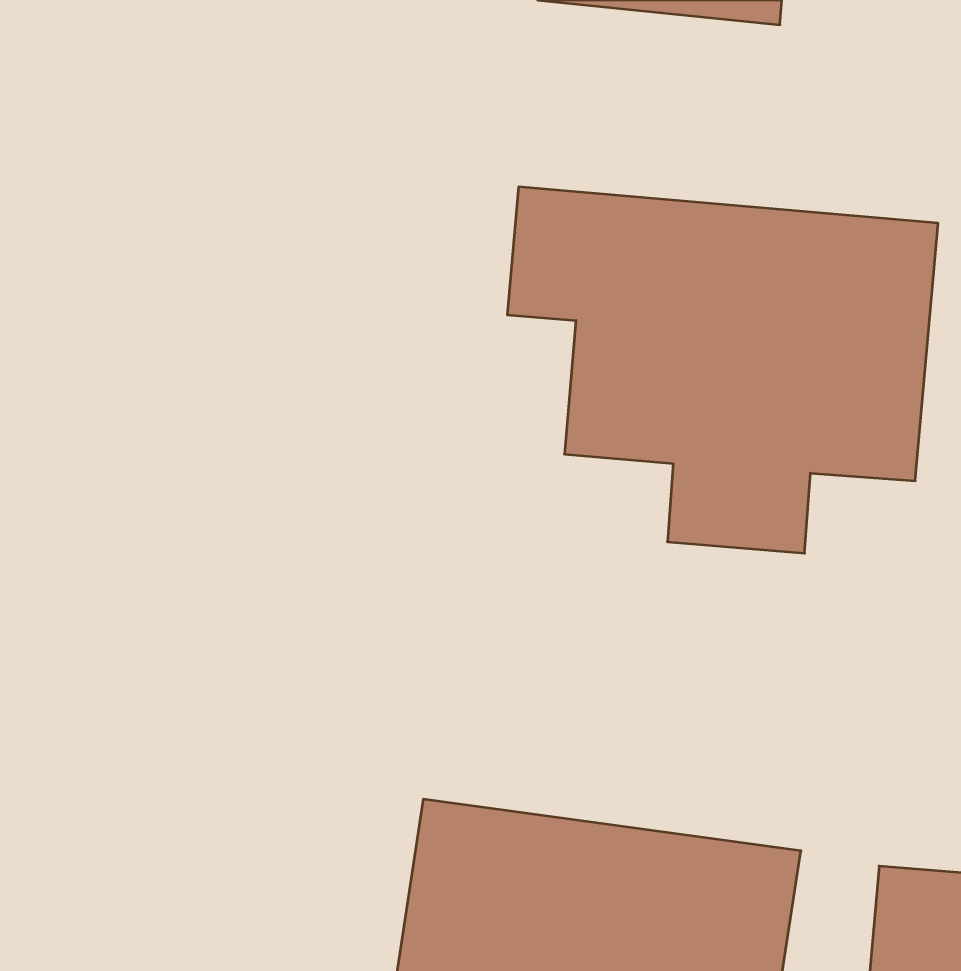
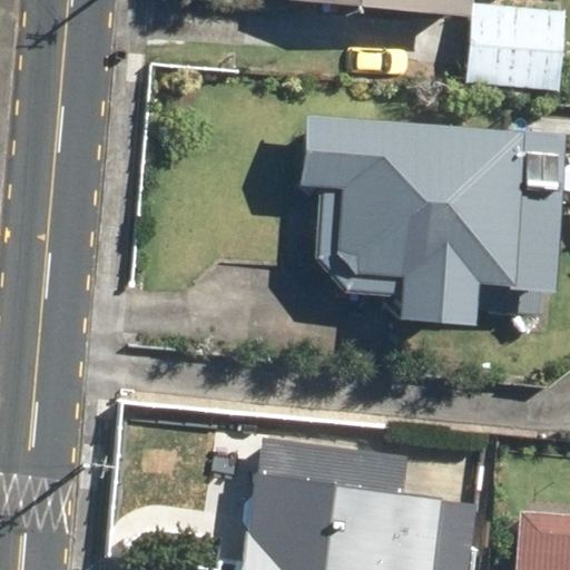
building: none -> [469,10,563,91]

